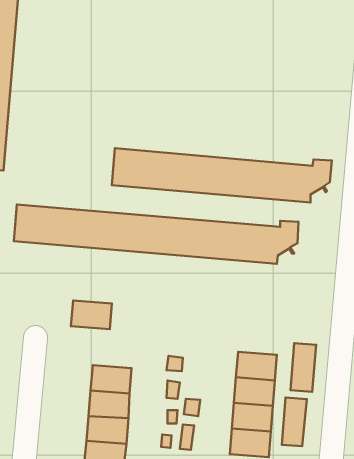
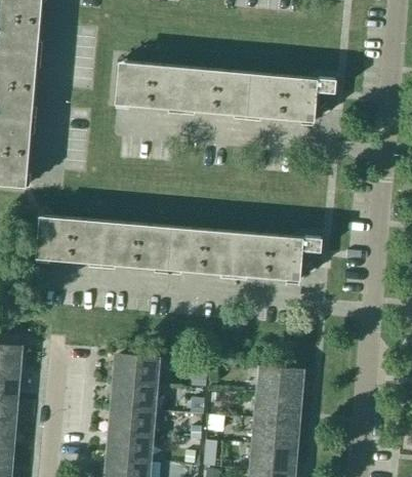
building: [112,148,332,203] -> [115,65,335,119]
building: [71,300,112,329] -> [115,354,156,383]
building: [291,343,316,392] -> none
building: [282,398,307,446] -> none

